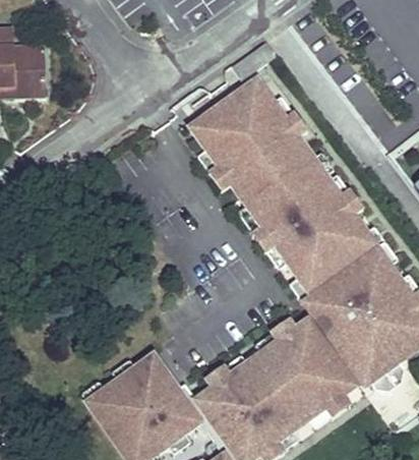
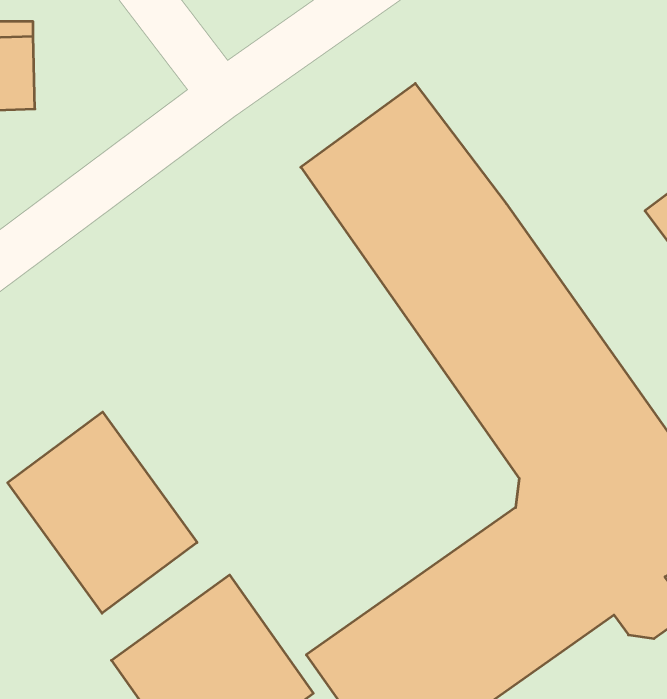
building: none -> [8,412,197,613]

